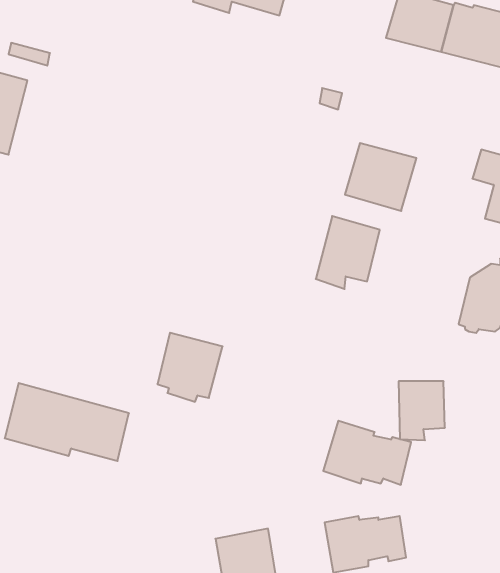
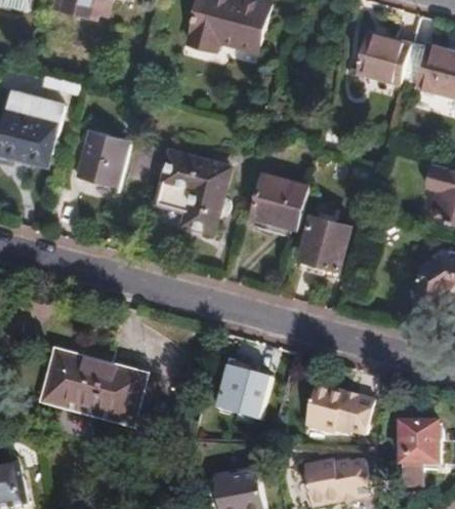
building: none -> [75,128,128,186]
building: [345,143,416,211] -> [248,172,306,228]
building: none -> [157,162,224,243]
building: [157,333,223,402] -> [215,364,268,421]
building: [399,381,445,440] -> [402,421,440,469]

